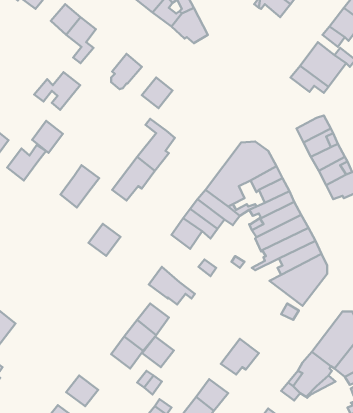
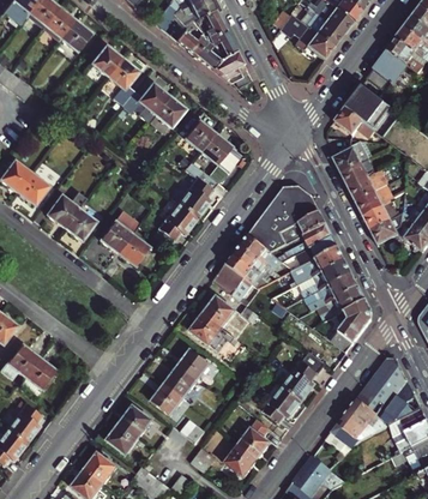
building: [34,72,80,110] -> [121,83,168,121]
building: none -> [200,133,240,181]
building: none -> [333,138,368,172]
building: [32,121,63,153] -> [64,205,95,238]
building: [89,224,120,256] -> [117,233,150,265]
building: none -> [204,295,235,327]
building: none -> [283,350,325,399]
building: [142,336,174,367] -> [120,405,152,437]

